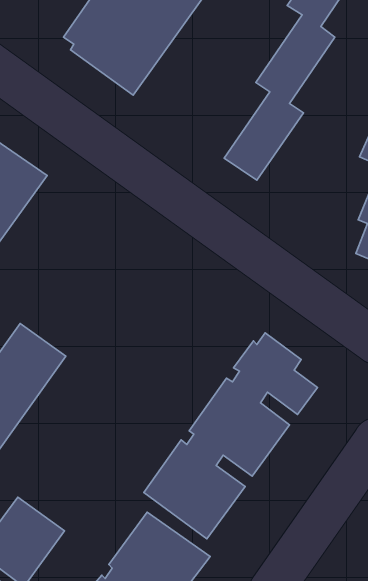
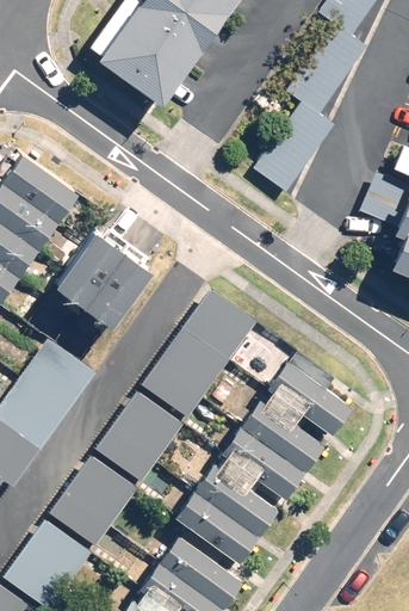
building: none -> [51,229,148,325]
building: none -> [140,290,258,419]
building: none -> [94,393,184,485]
building: none -> [48,456,138,549]

